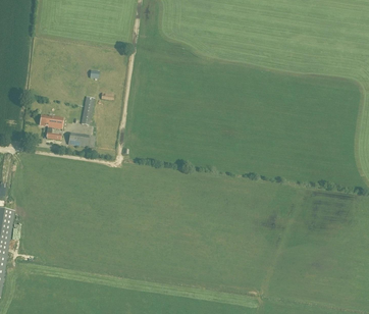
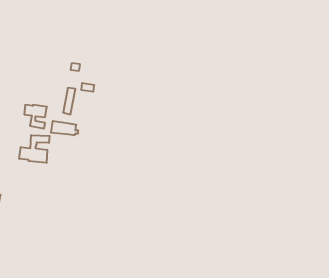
building: none -> [19,135,49,163]

